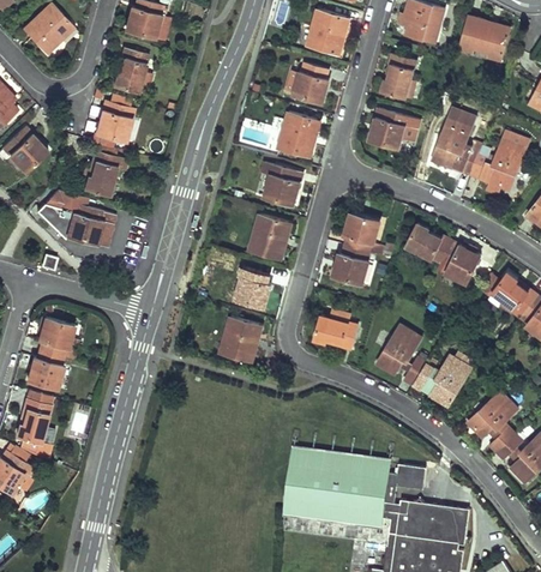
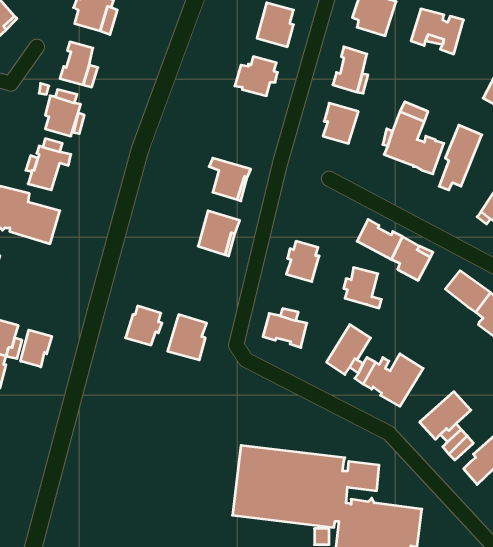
building: [276,108,323,157] -> none
building: [344,215,381,254] -> [344,268,382,308]
building: [234,267,270,306] -> [125,306,162,345]
building: none -> [21,330,52,367]

